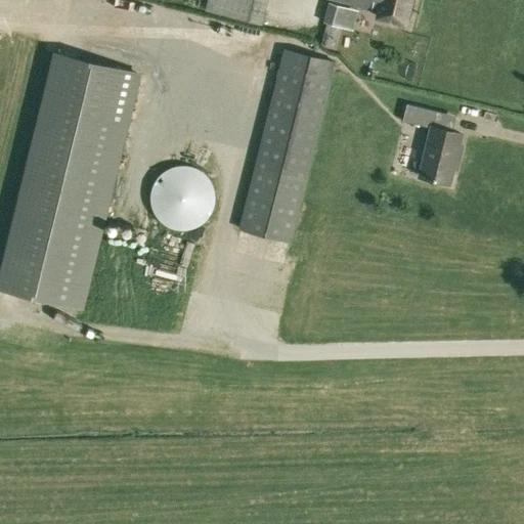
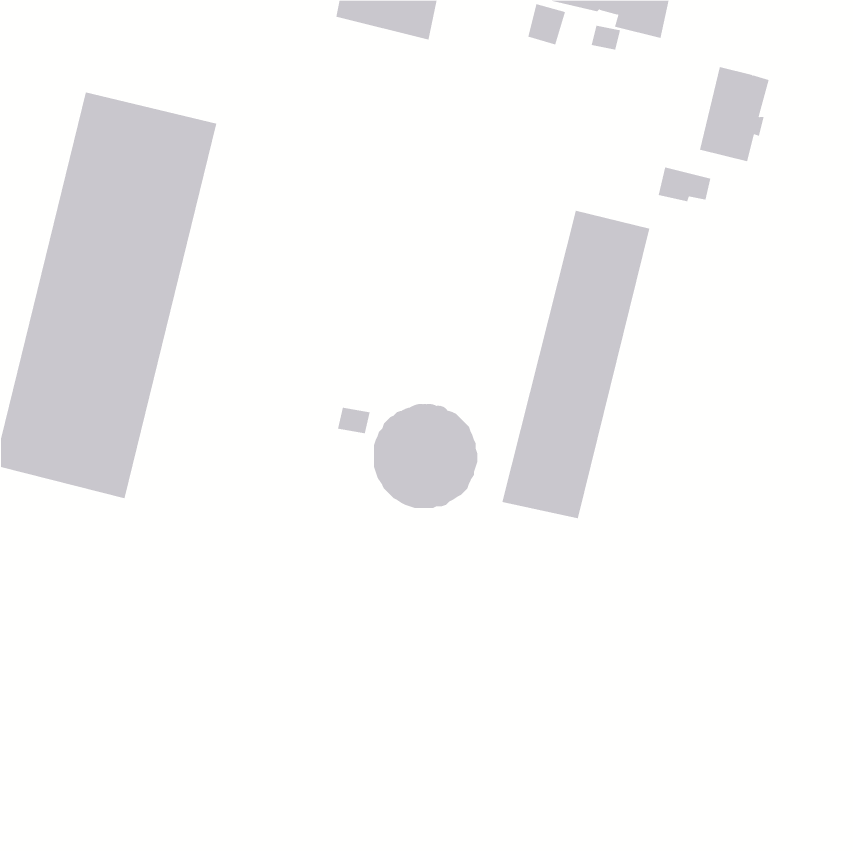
building: [244,53,335,243] -> [502,210,650,519]
building: [420,126,463,184] -> [699,67,769,162]
building: [151,166,216,230] -> [373,404,478,509]

